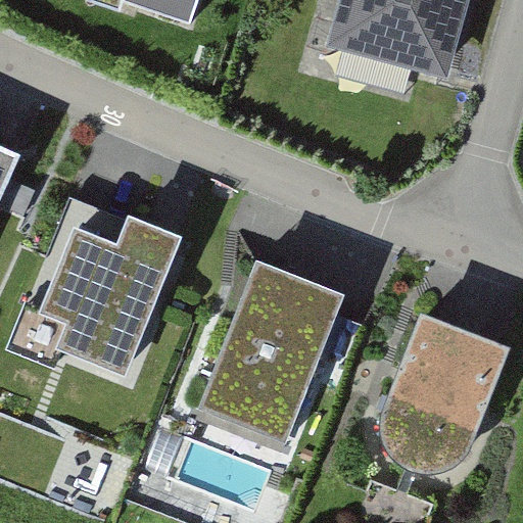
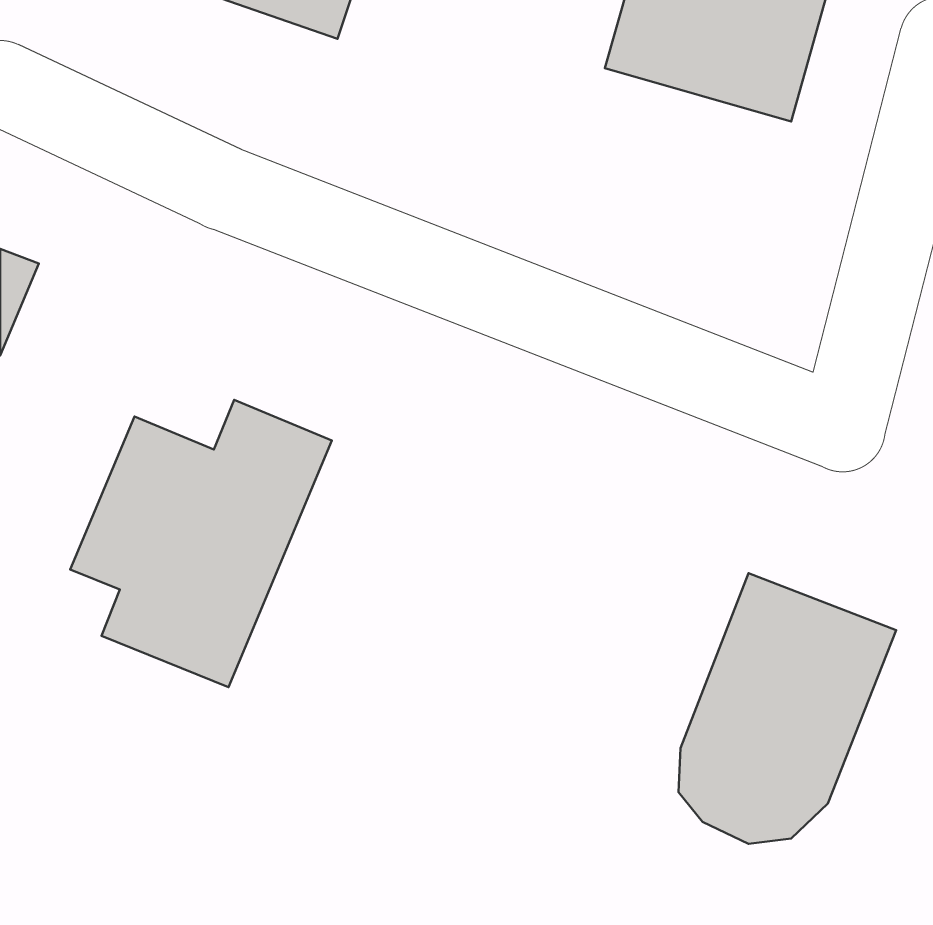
building: [196,260,343,441] -> none

